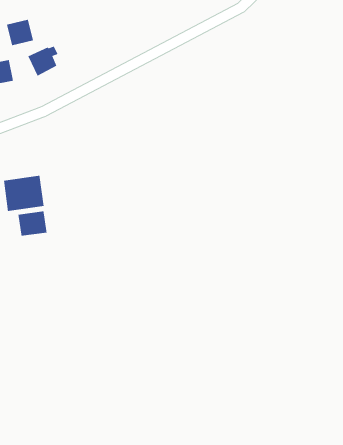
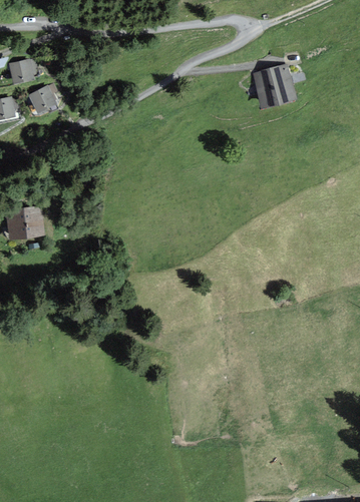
building: none -> [254,66,296,108]
building: [18,211,47,237] -> none

